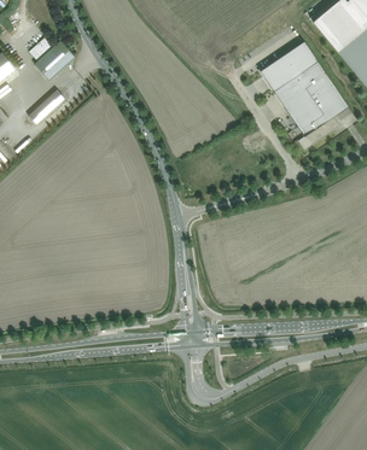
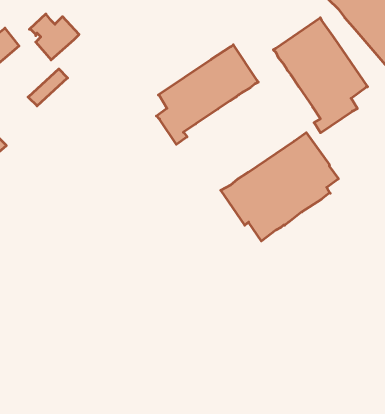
building: none -> [156,45,258,144]
building: none -> [221,133,338,241]

